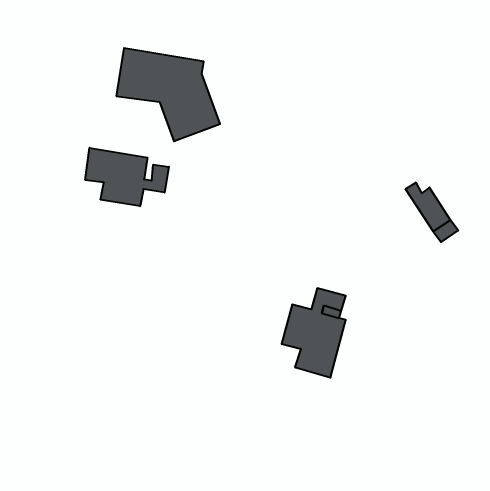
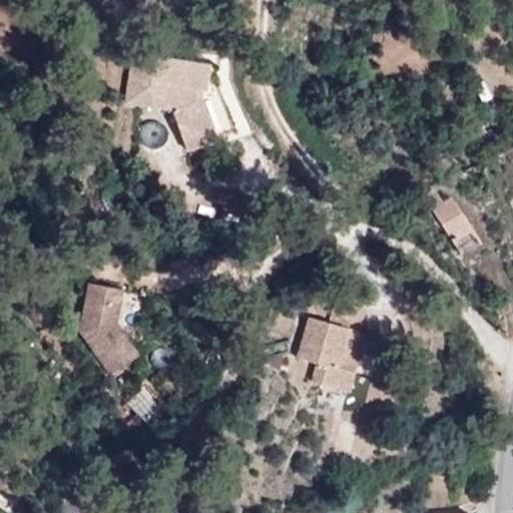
building: [85,148,169,206] -> none
building: none -> [81,288,140,379]

